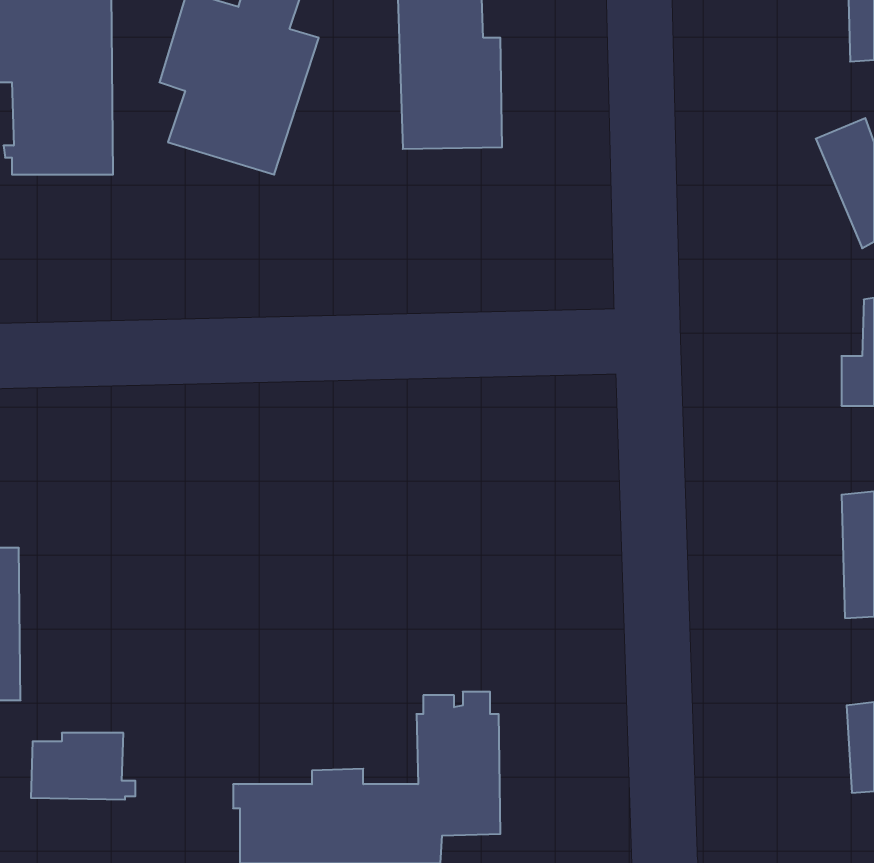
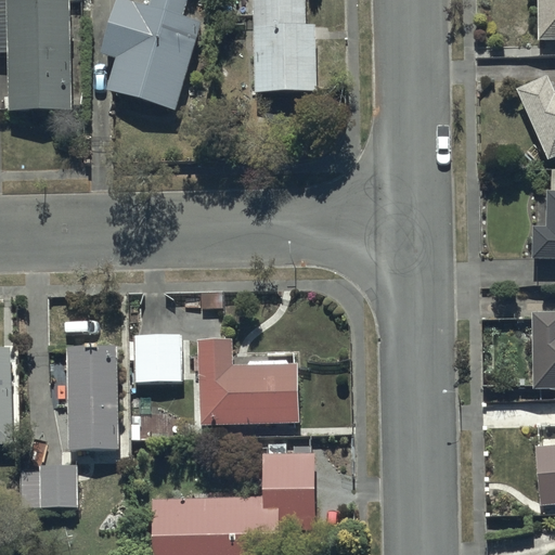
building: none -> [130,334,183,380]
building: none -> [191,338,298,429]
building: none -> [67,343,118,449]

